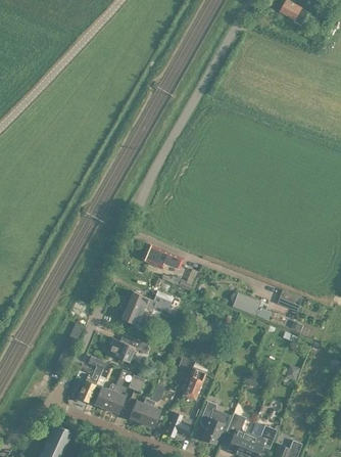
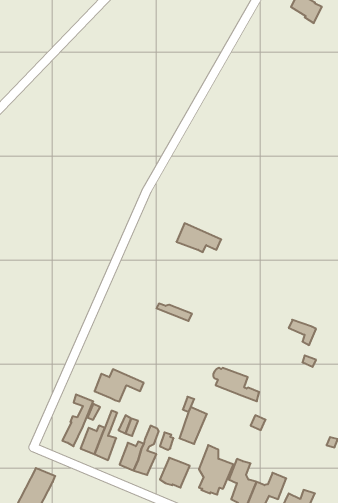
building: [143,244,183,270] -> [176,223,221,252]
building: [121,291,174,328] -> none
building: [230,291,271,321] -> [213,368,259,401]

